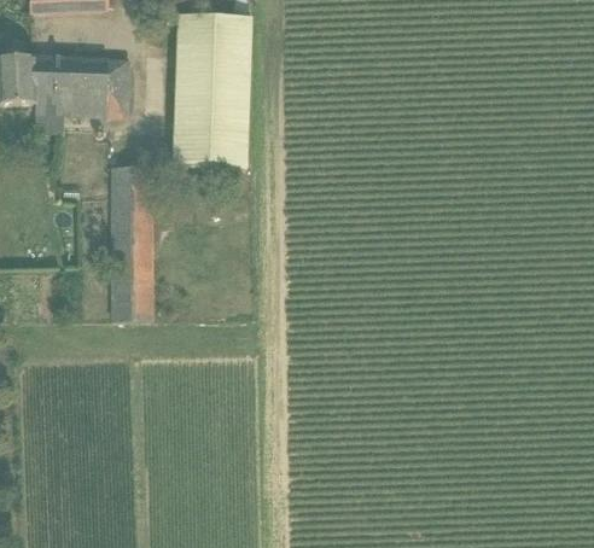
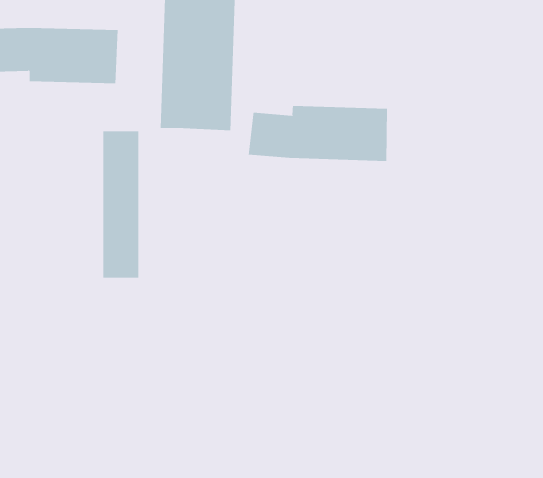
building: none -> [248,105,388,162]

